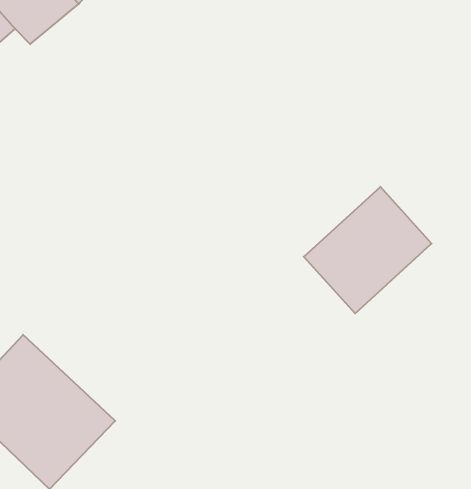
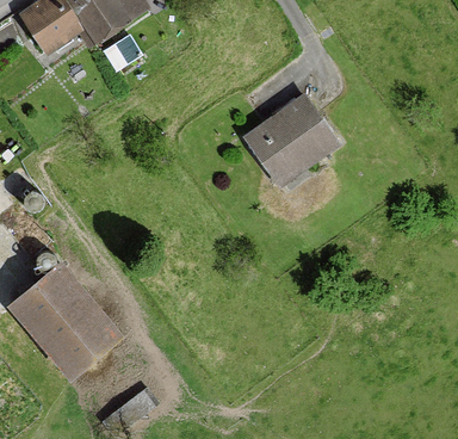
building: [304,187,432,313] -> [243,95,340,187]

